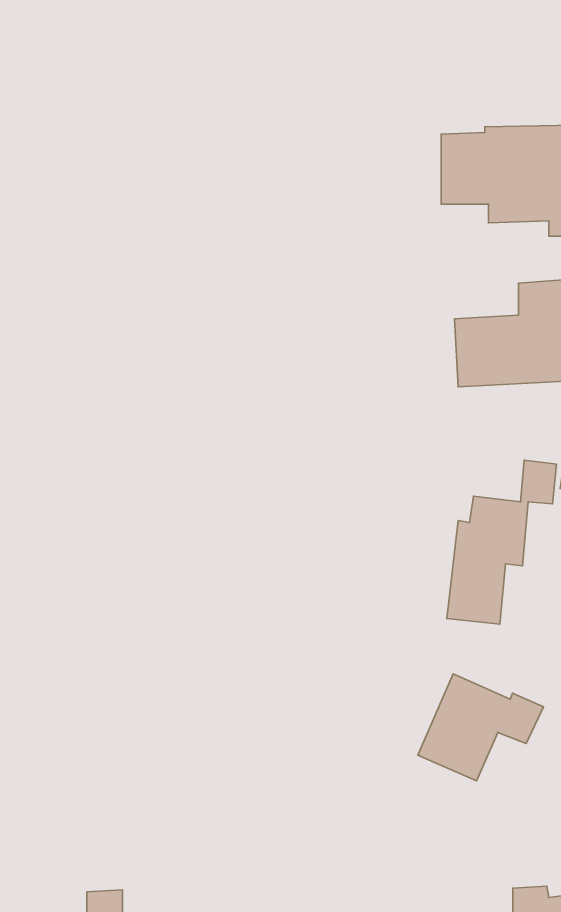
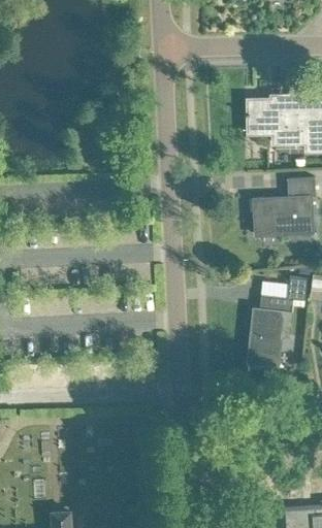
building: [418,674,543,781] -> none

